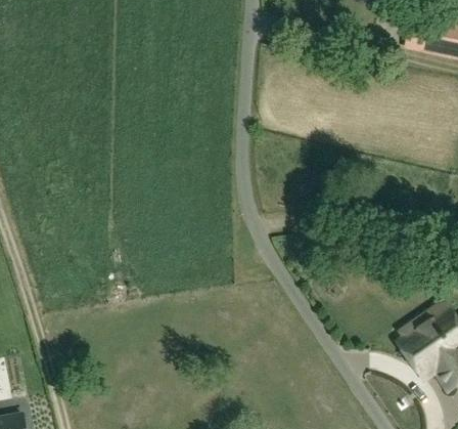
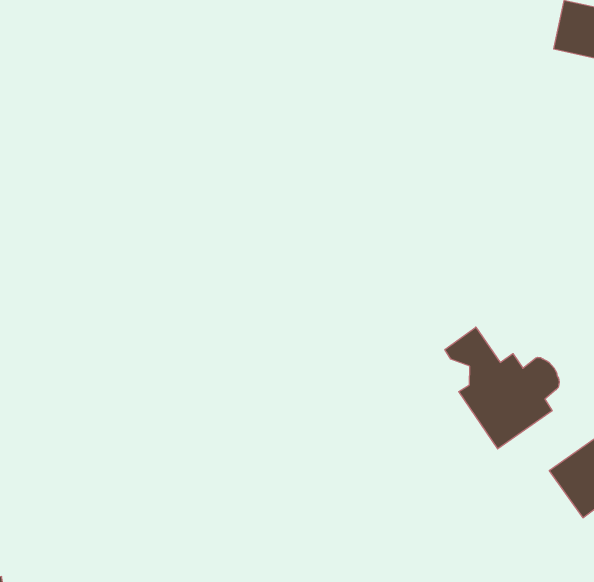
building: none -> [445,327,559,449]

